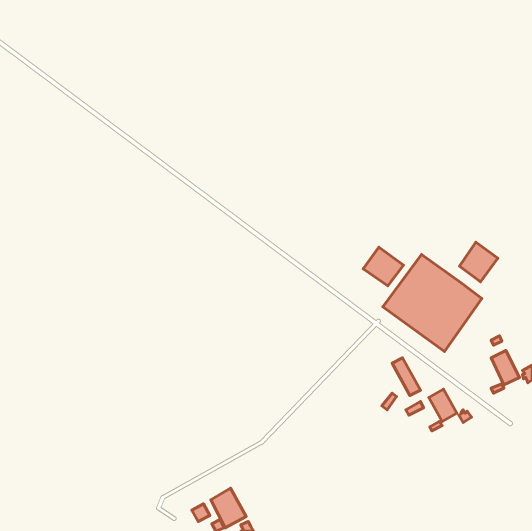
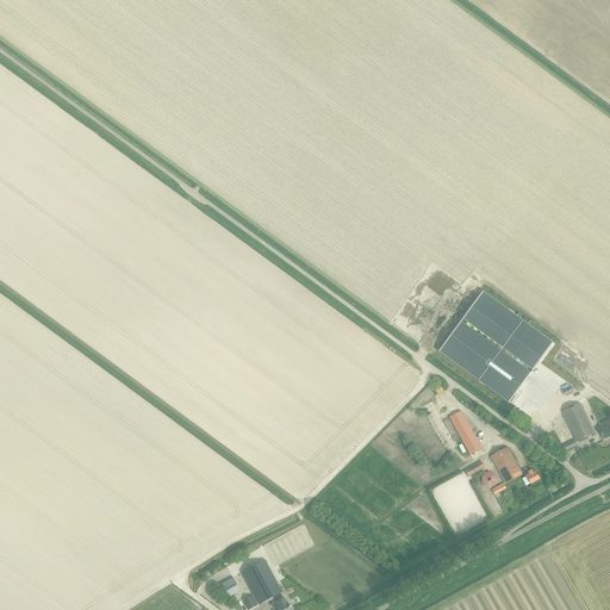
building: [460,242,498,282] -> none
building: [363,247,404,286] -> none

